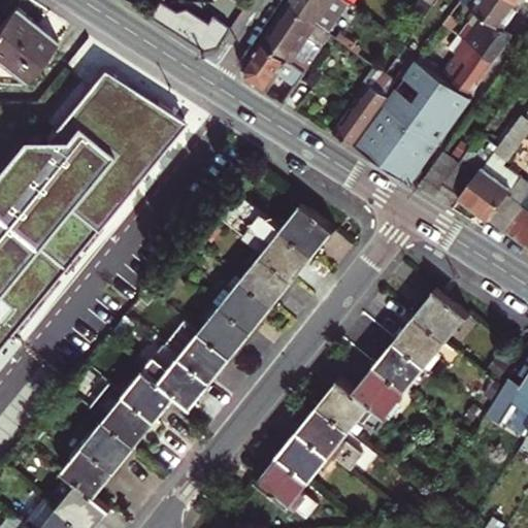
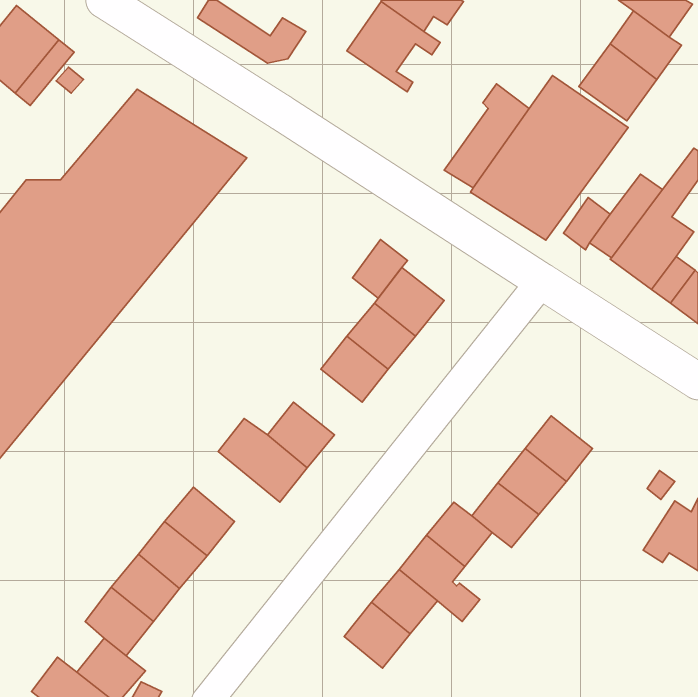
building: [244,41,306,92] -> none
building: none -> [353,240,408,298]
building: [221,280,272,330] -> none
building: [415,289,467,340] -> none
building: [143,342,210,406] -> none

